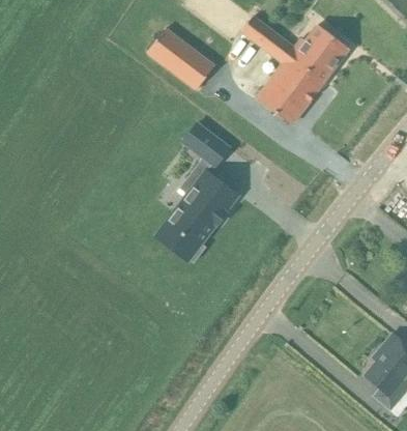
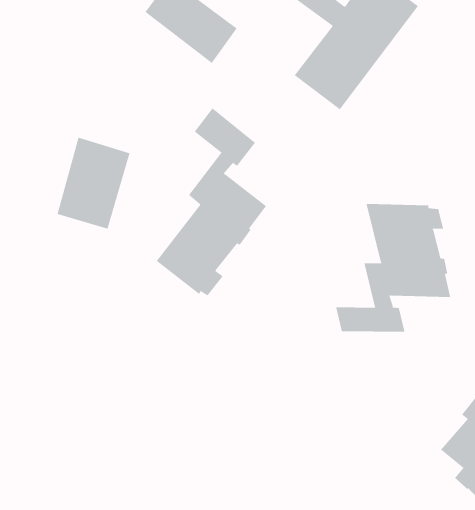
building: none -> [57,137,130,229]
building: none -> [336,203,451,333]

